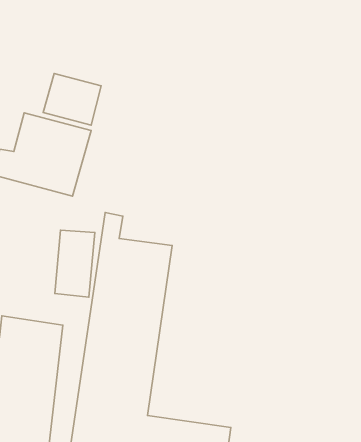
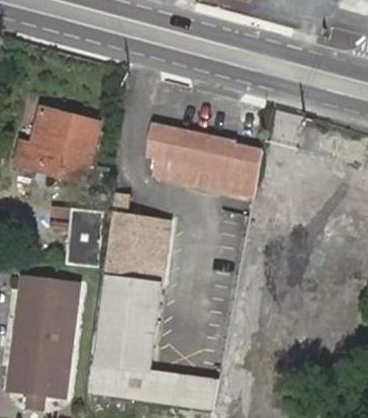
building: [43,74,101,125] -> none
building: none -> [146,121,262,195]

